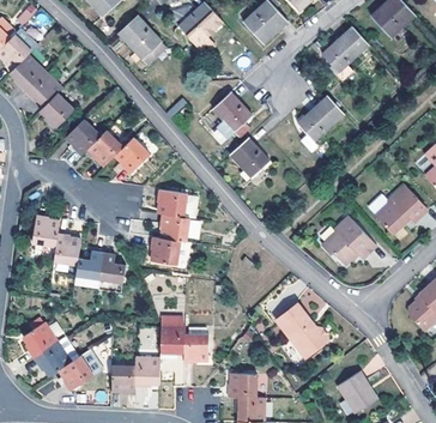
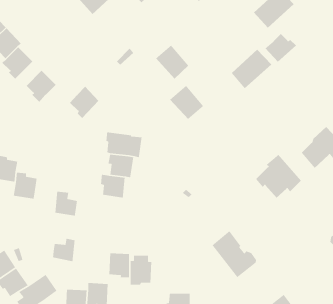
building: none -> [264,33,297,63]
building: [89,132,123,168] -> none
building: [74,254,101,282] -> [52,238,75,262]

